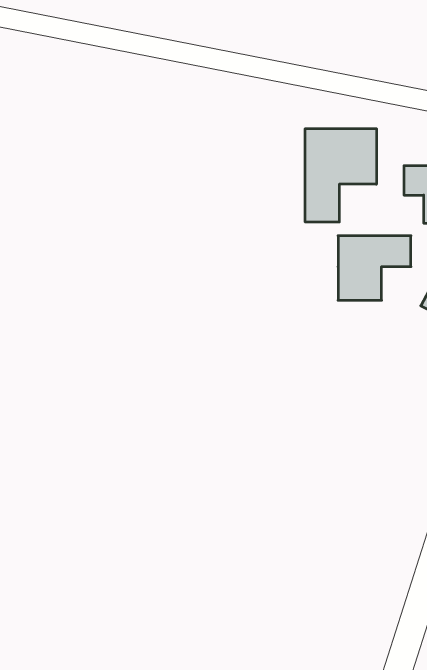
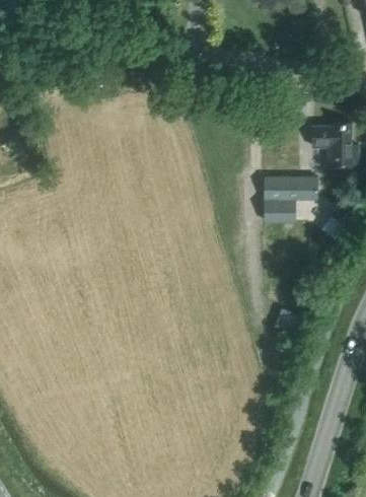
building: [305,129,376,222] -> none

